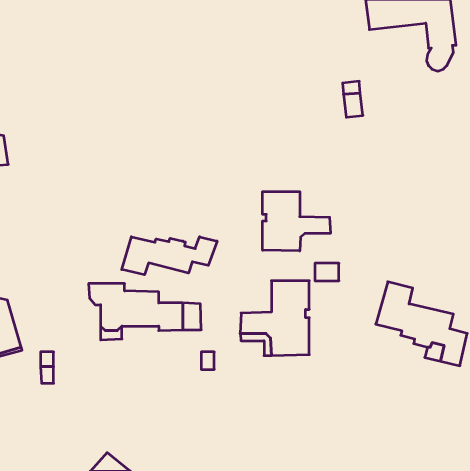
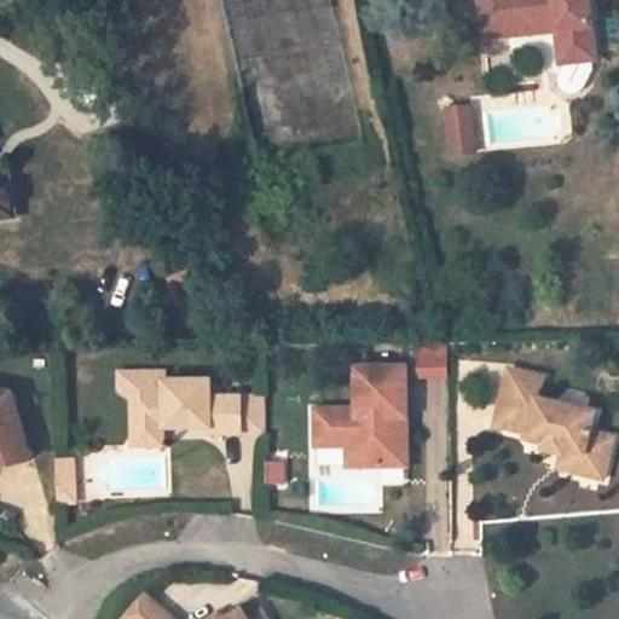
building: [263,192,330,251] -> none
building: [122,237,217,275] -> none

